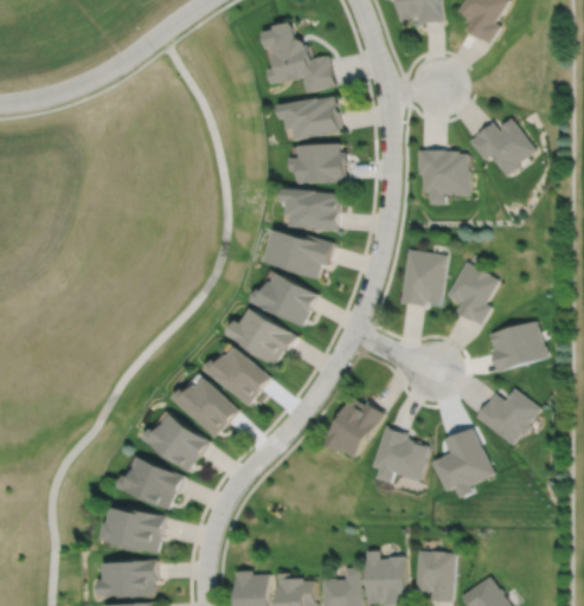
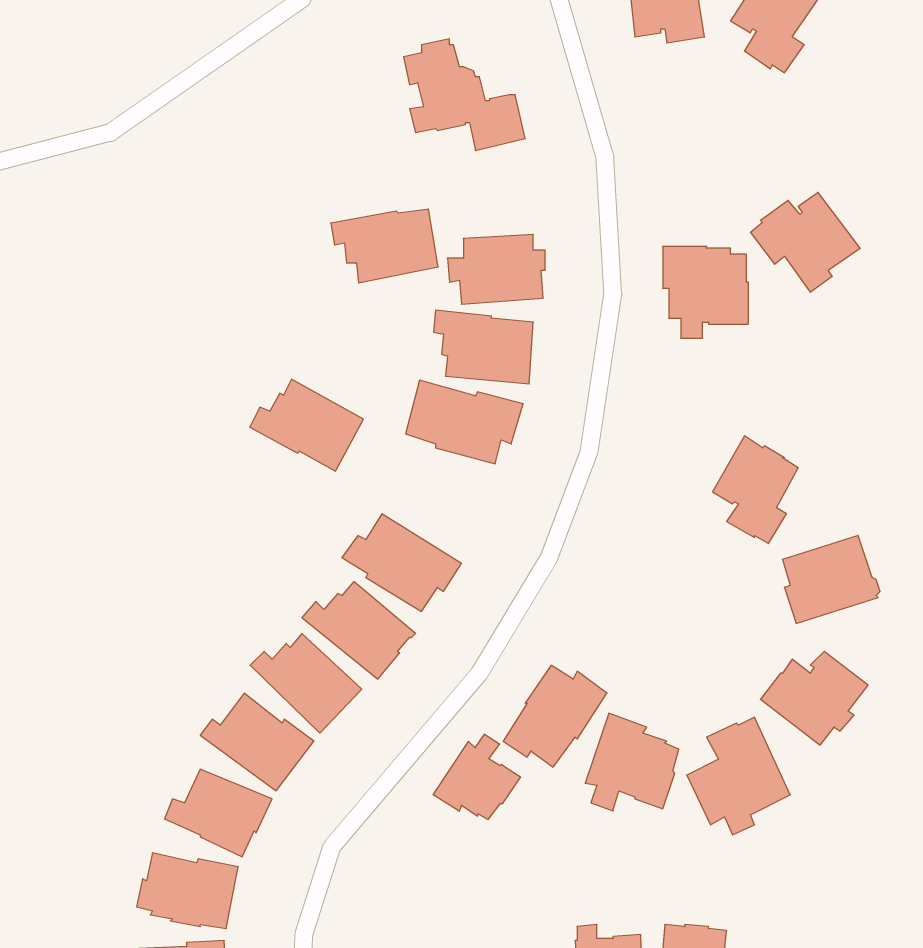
building: [277,95,341,138] -> [331,209,438,283]
building: [399,249,445,305] -> none
building: [250,271,317,325] -> [250,379,363,471]
building: none -> [433,734,520,820]

